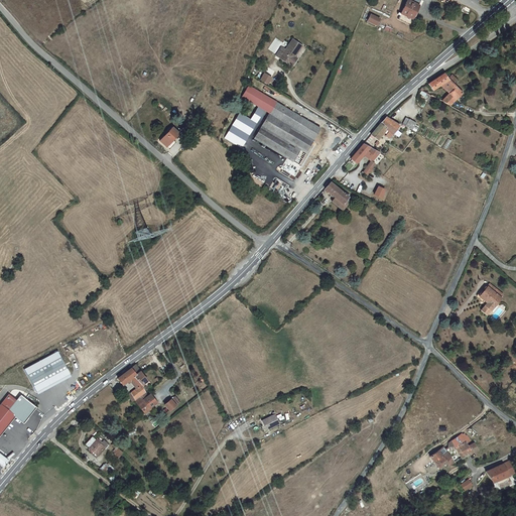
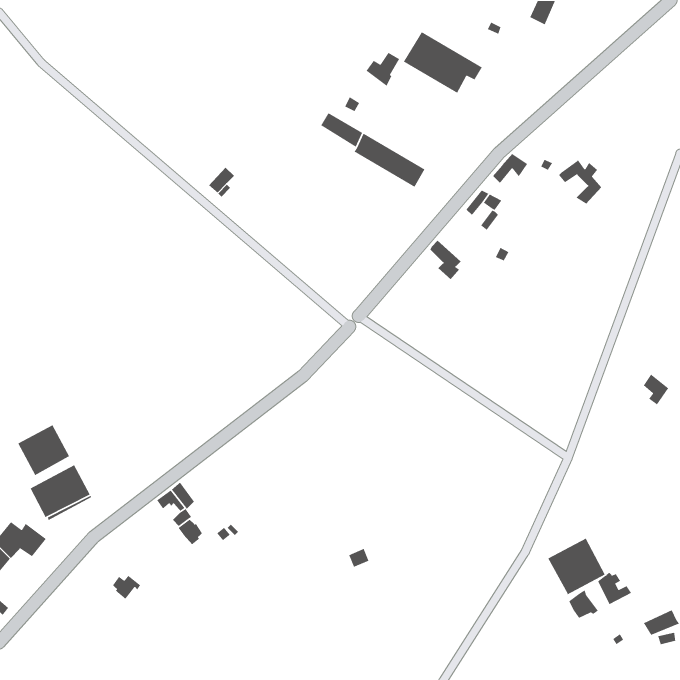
building: [428,72,462,106] -> [558,159,602,204]
building: [224,107,265,149] -> none
building: [253,116,313,163] -> [403,31,483,94]
building: none -> [17,424,71,476]
building: none -> [547,537,606,595]

